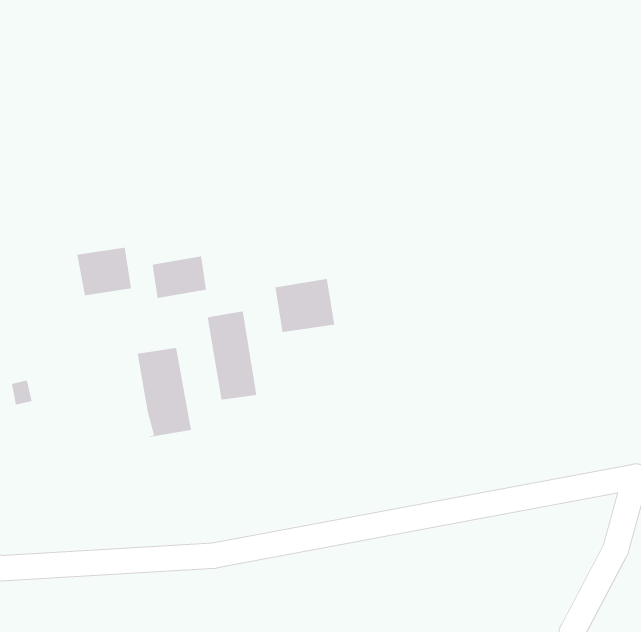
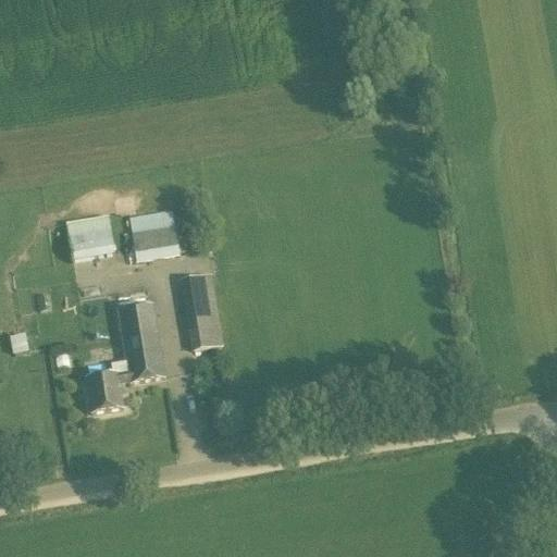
building: [275,278,335,333] -> none
building: none -> [86,357,133,409]

